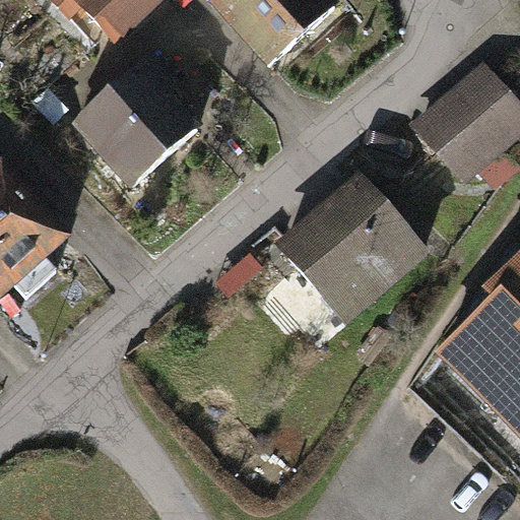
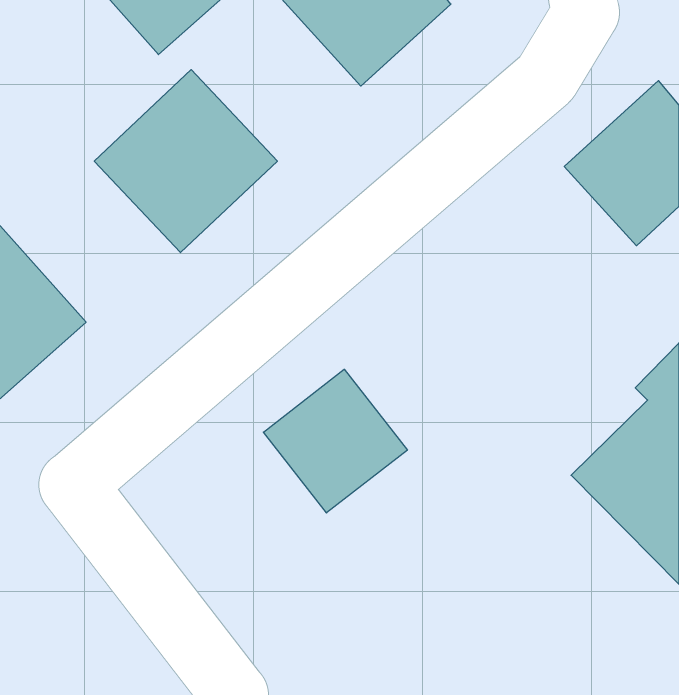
building: [284,175,433,320] -> none
building: none -> [263,369,407,513]

